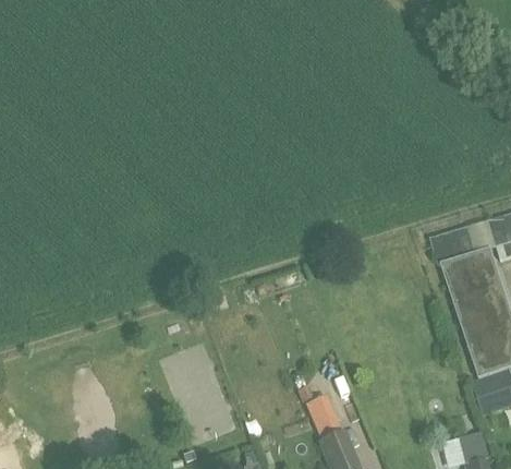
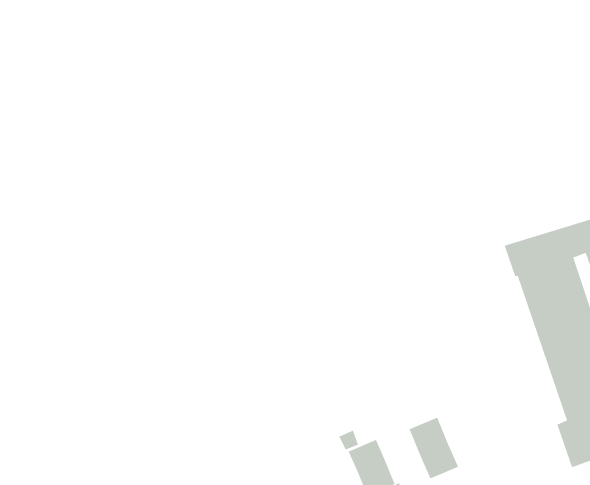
building: none -> [409,417,459,479]

